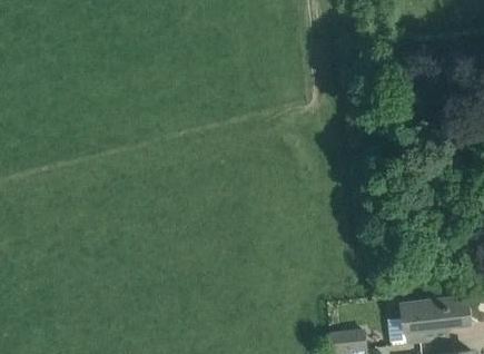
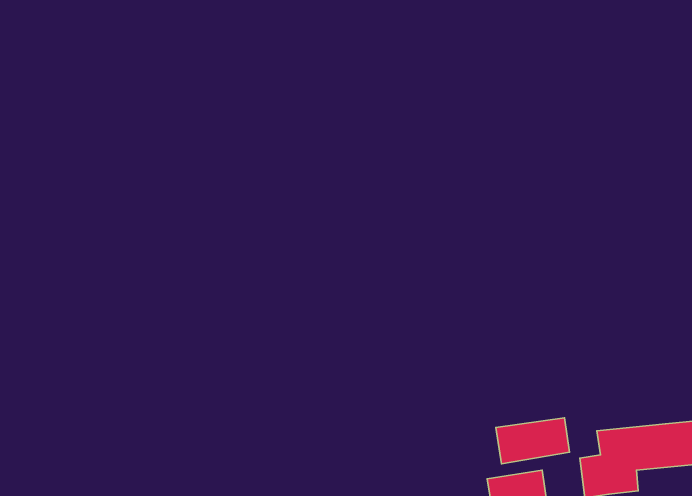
building: none -> [496,418,569,464]

